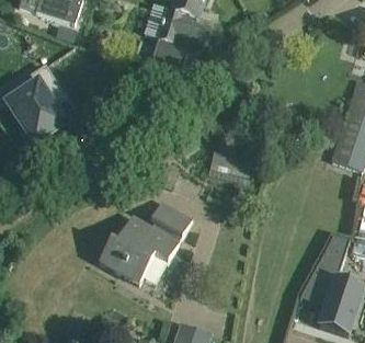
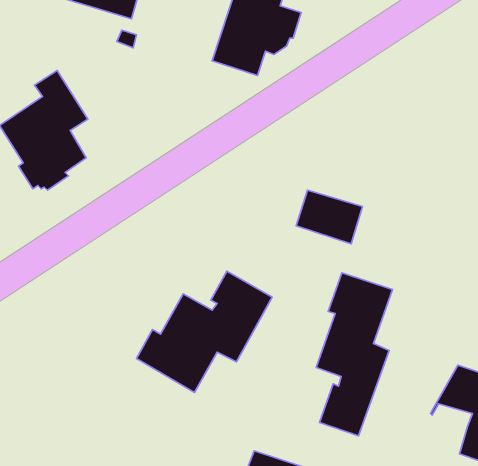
building: none -> [316,273,392,436]

